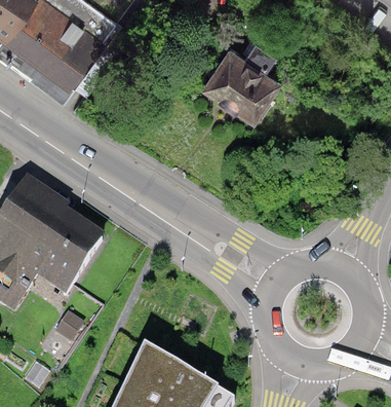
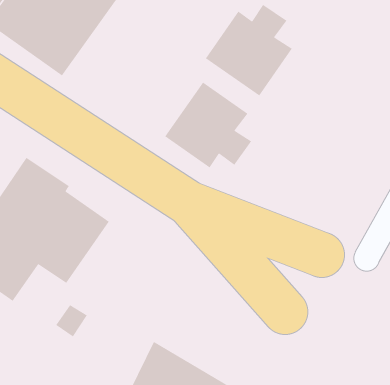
building: none -> [164,82,252,169]

